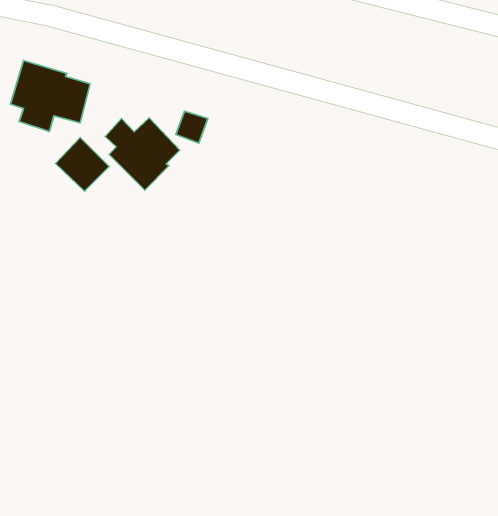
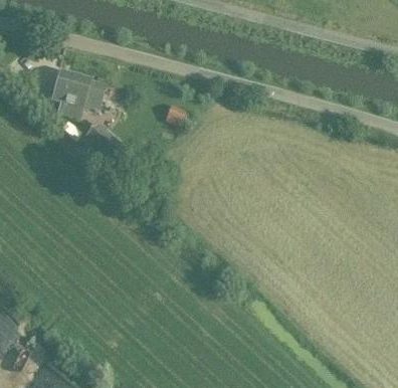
building: [105,118,180,190] -> none

